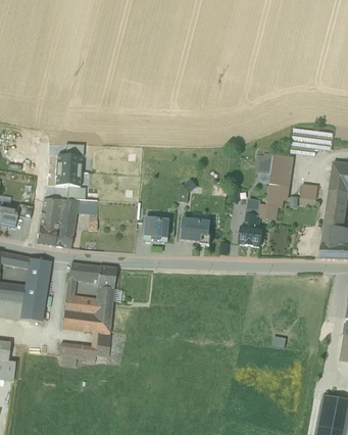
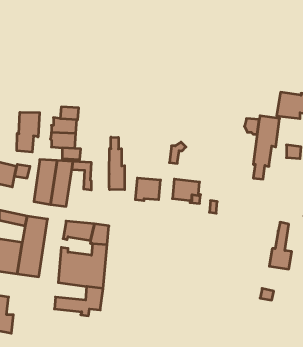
building: none -> [17,112,40,152]
building: none -> [109,137,125,190]
building: [239,197,262,246] -> [269,222,292,269]

